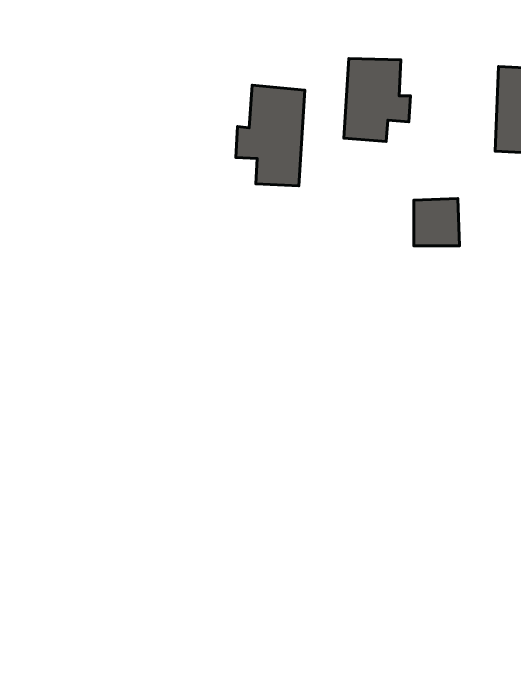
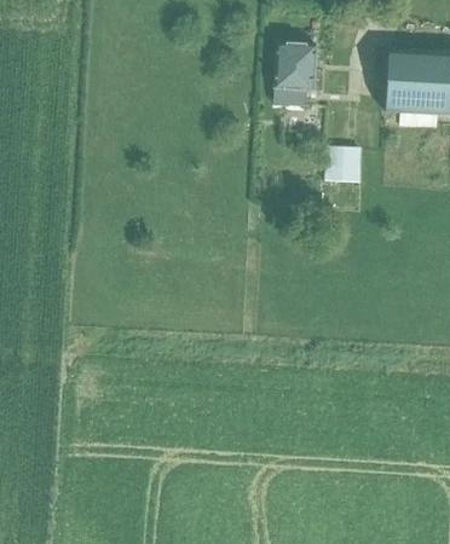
building: [236,85,305,186] -> none

